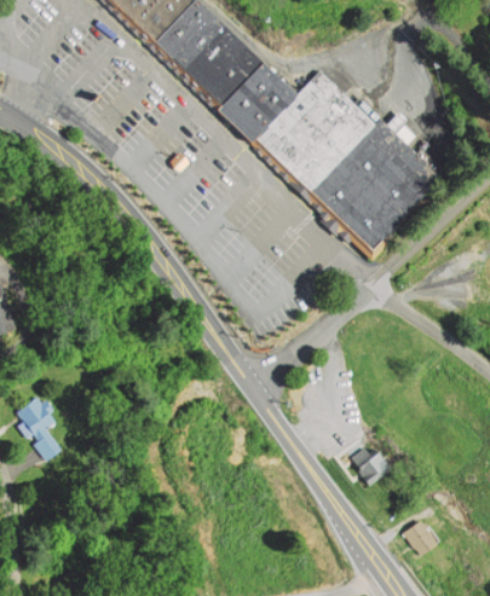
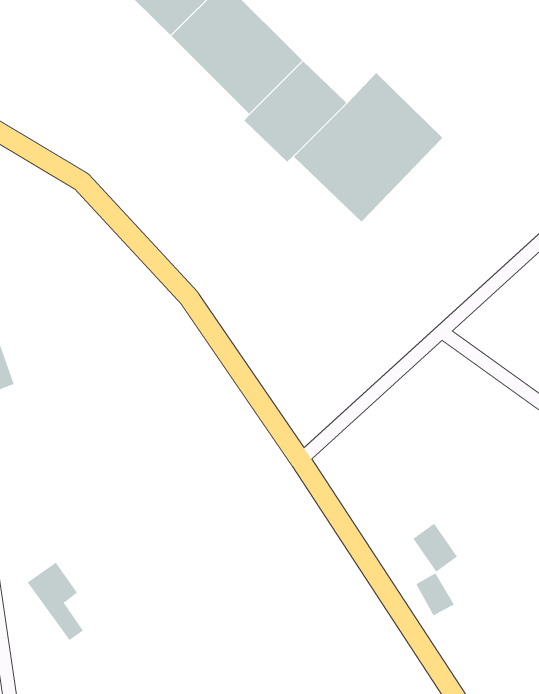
building: [305,116,438,249] -> none
building: [18,393,65,458] -> [27,562,84,641]
building: [402,516,434,552] -> [416,572,455,616]

